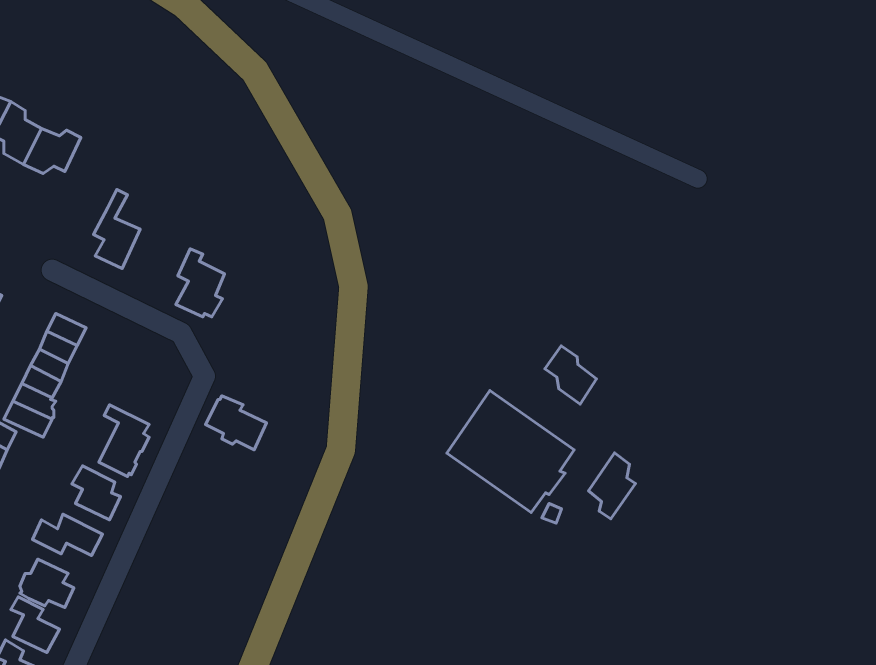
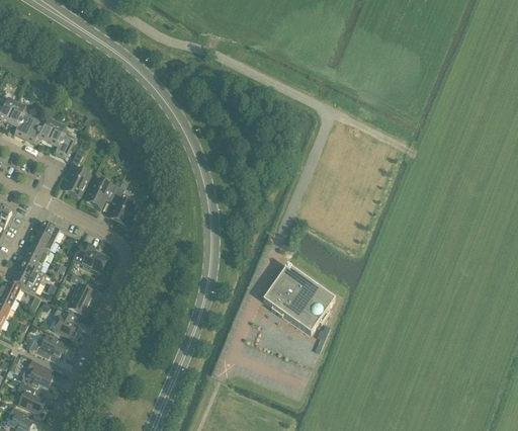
building: none -> [47,122,74,158]
building: none -> [86,178,117,206]
building: [545,346,597,404] -> none
building: [206,396,267,450] -> [73,242,107,272]
building: [589,453,636,519] -> none

